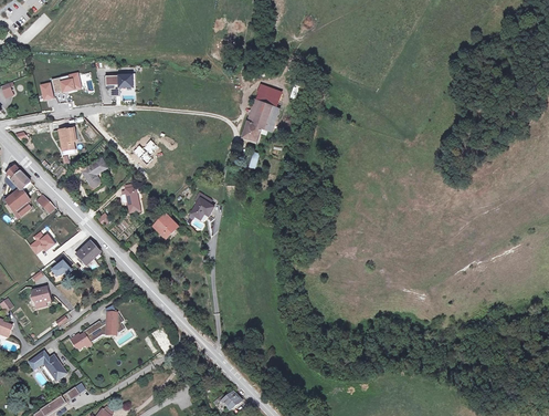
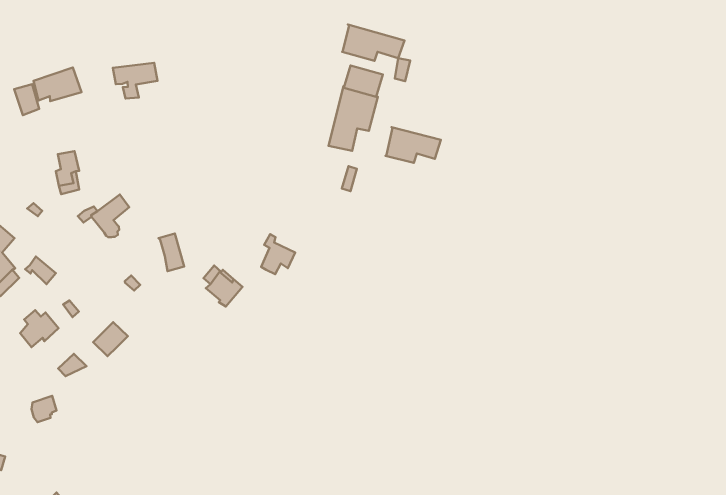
building: none -> [342,24,405,61]
building: none -> [386,127,441,163]
building: [71,310,124,347] -> none

